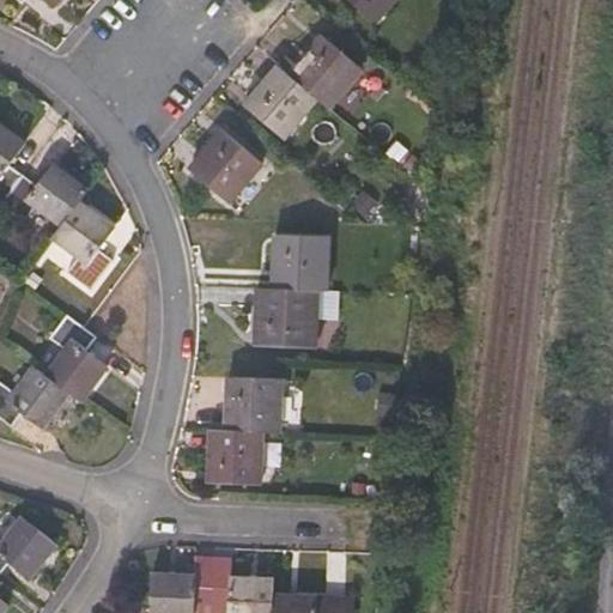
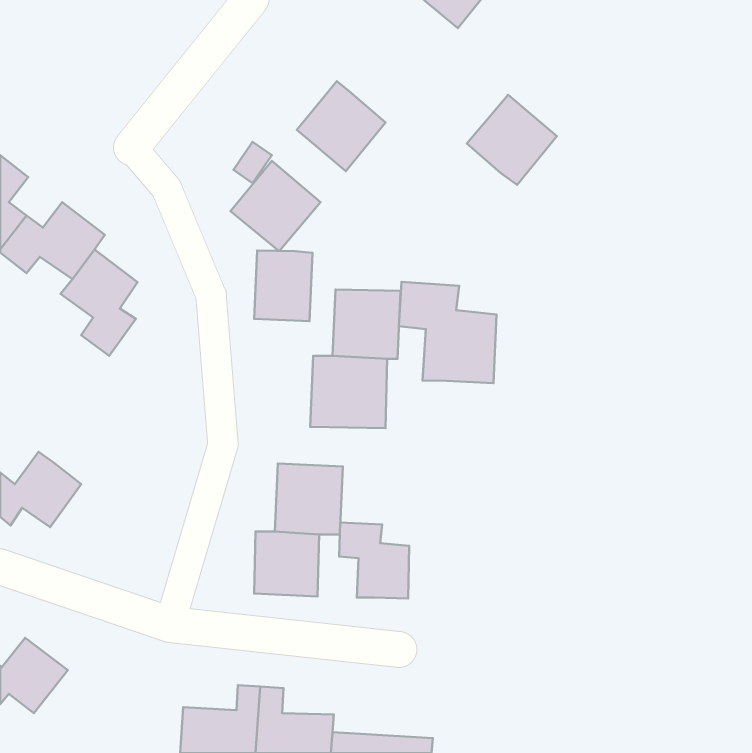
building: [287,36,360,109] -> [467,95,557,185]
building: none -> [254,251,312,321]
building: none -> [399,282,497,383]
building: [45,315,108,401] -> none
building: none -> [339,522,409,598]

